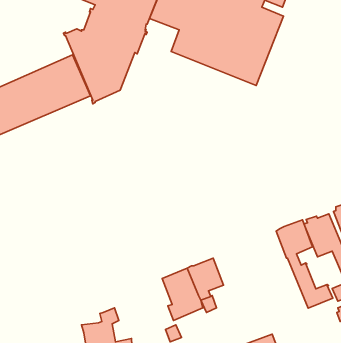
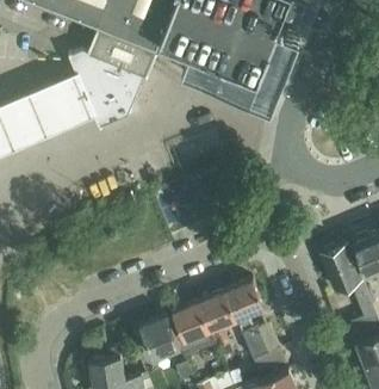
building: [276,220,333,308] -> [225,279,285,372]
building: none -> [132,315,180,360]

